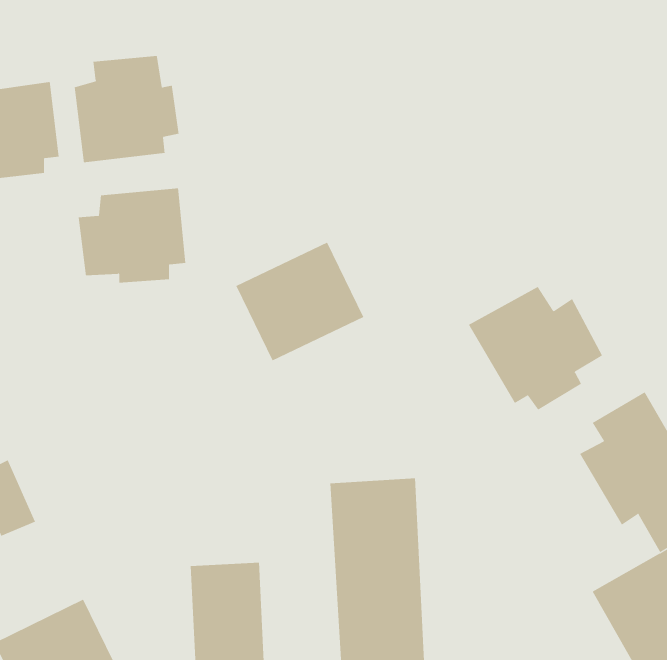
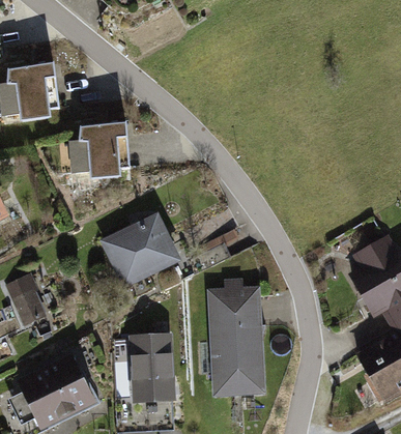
building: [74,55,179,163] -> none
building: [236,242,364,361] -> [105,216,177,284]
building: [468,286,603,410] -> none

